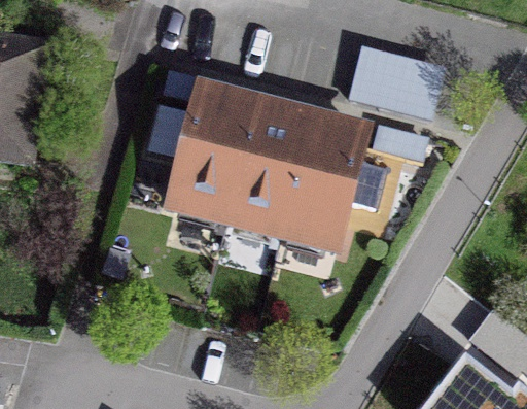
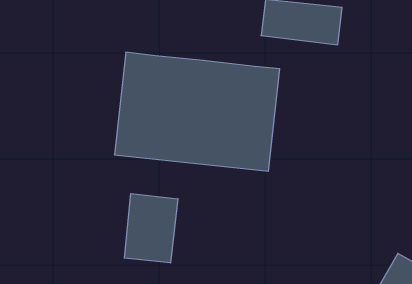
building: none -> [124,194,178,263]

